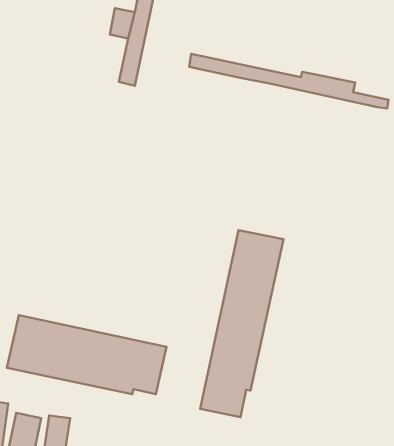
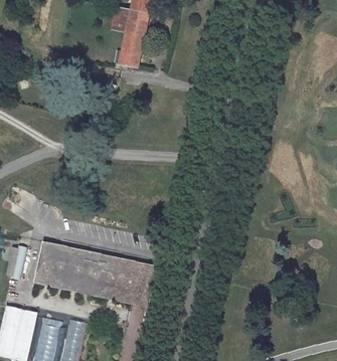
building: [189,54,389,109] -> none
building: [200,230,283,417] -> none

